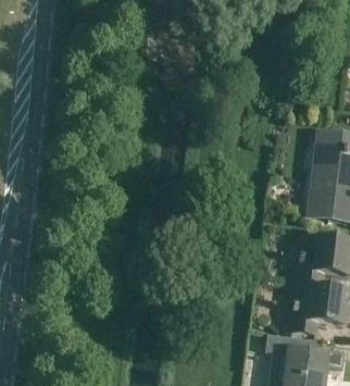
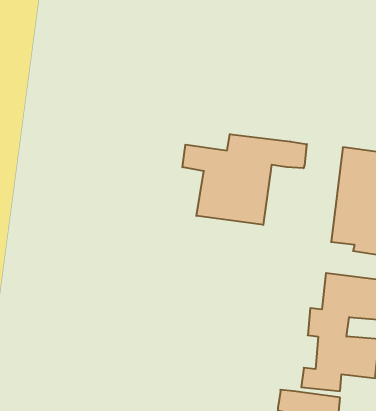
building: none -> [182,134,307,225]

